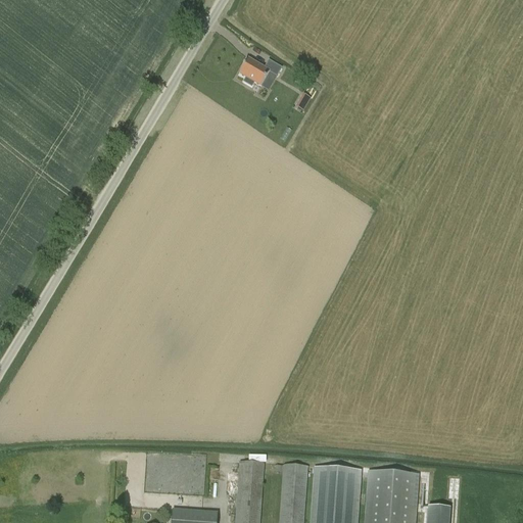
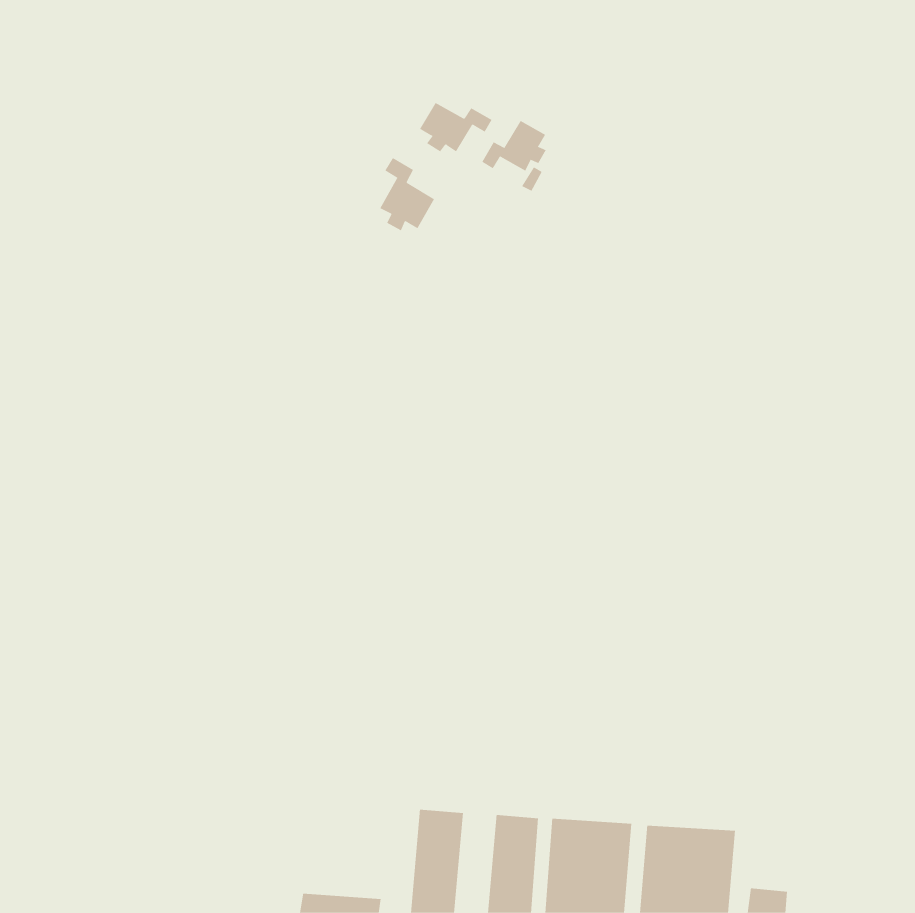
building: none -> [481,120,546,172]
building: none -> [379,157,435,231]

